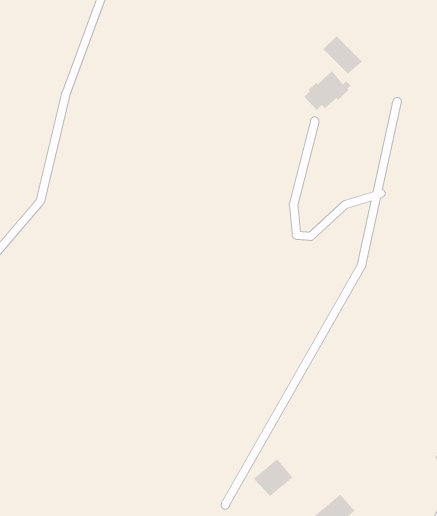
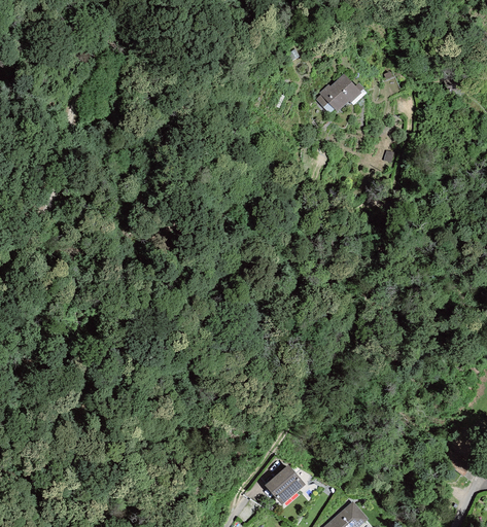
building: [322,35,363,74] -> none

